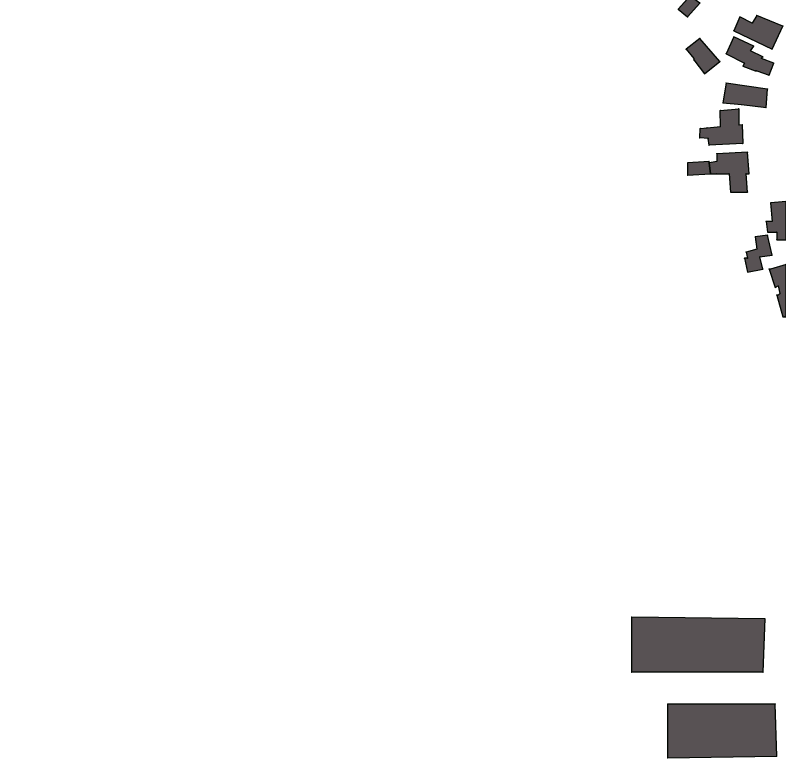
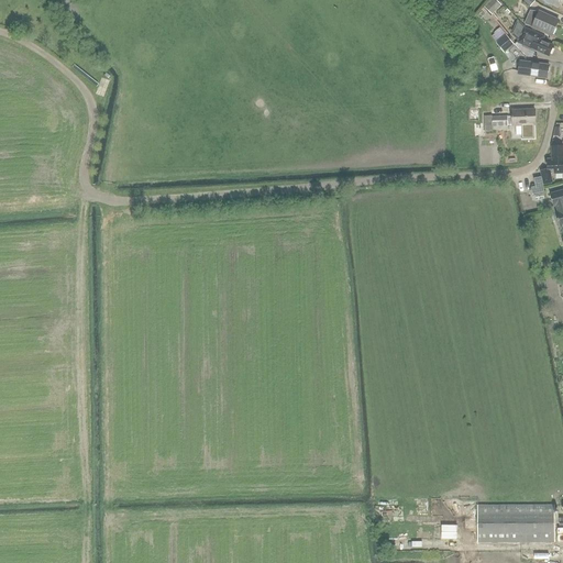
building: [700,109,743,145] -> none
building: [632,617,765,672] -> none

